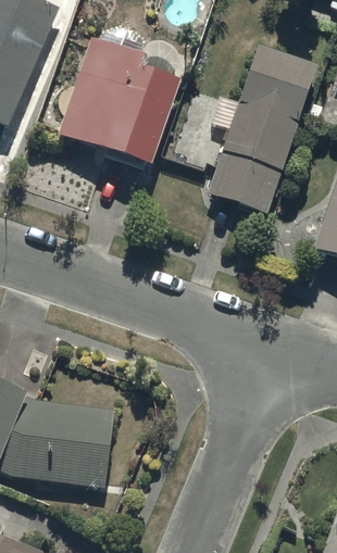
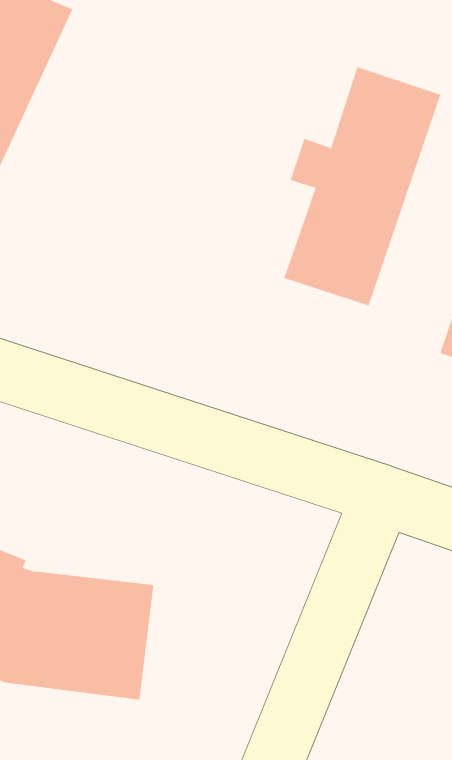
building: [62,37,179,161] -> none

